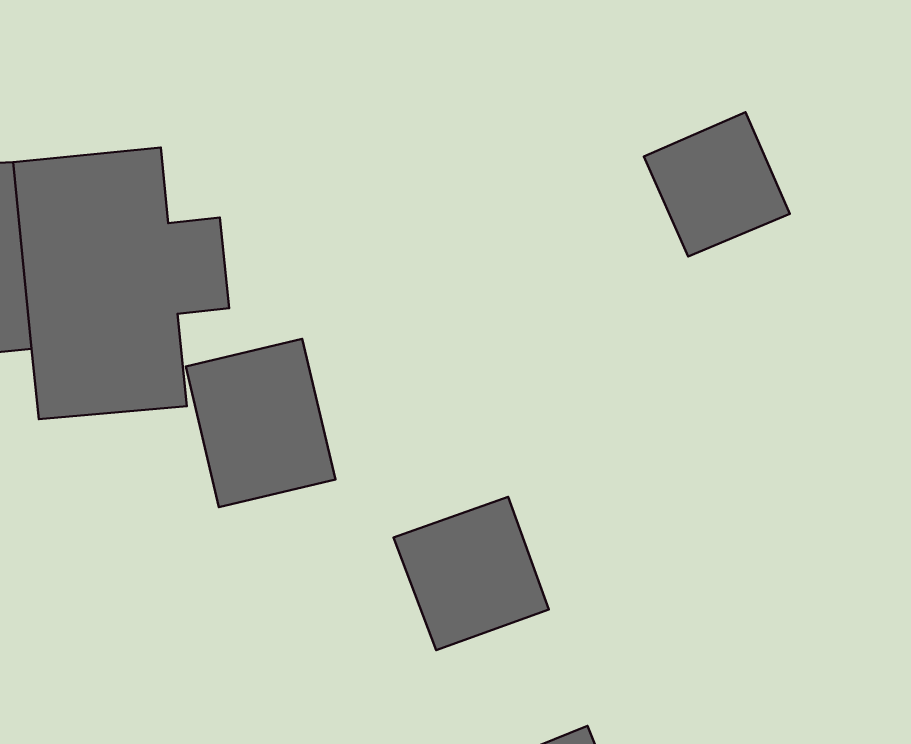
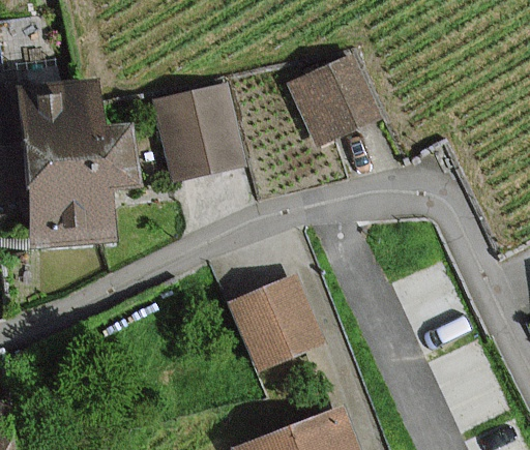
building: [644,112,790,256] -> [293,58,375,139]
building: [186,339,335,507] -> [157,84,241,178]

